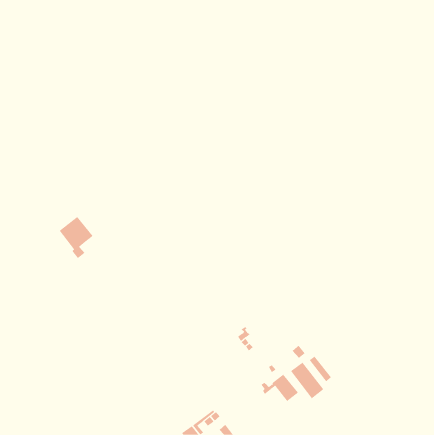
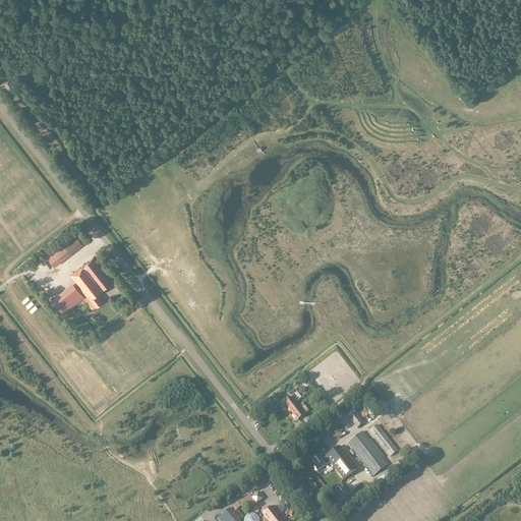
building: none -> [46,233,83,267]
building: none -> [52,283,84,314]

